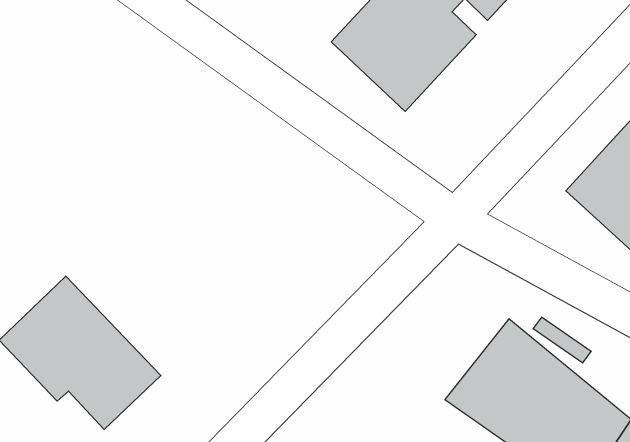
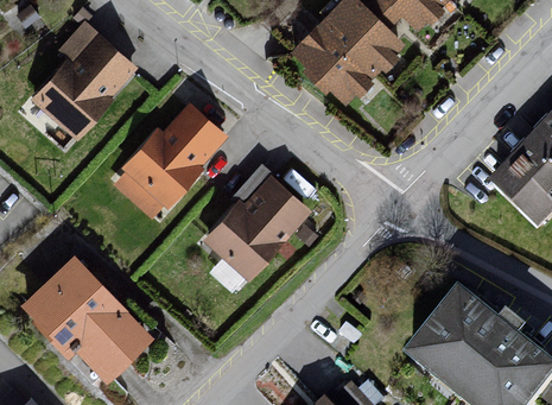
building: none -> [34,30,138,140]
building: none -> [113,103,231,220]
building: none -> [208,173,317,280]

